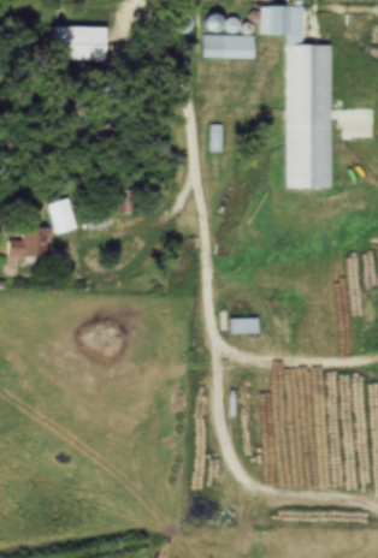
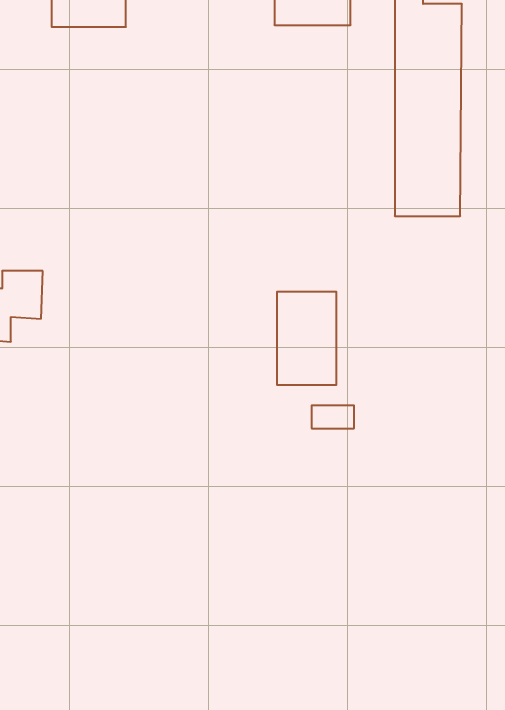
building: [51,196,77,231] -> none
building: none -> [277,292,336,385]

